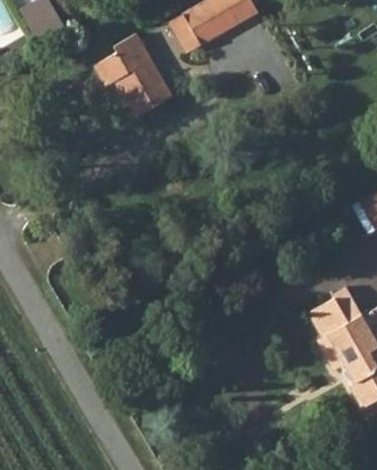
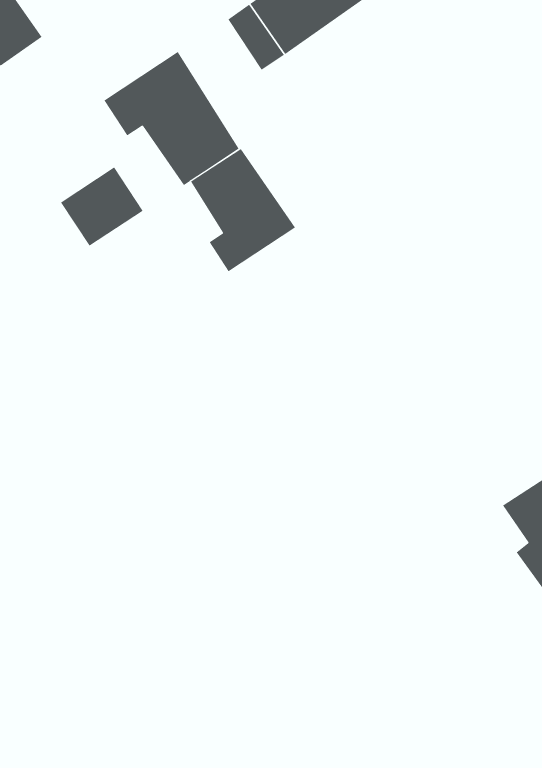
building: none -> [190,148,296,272]
building: none -> [60,167,143,247]

